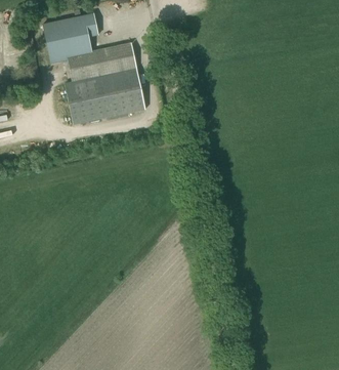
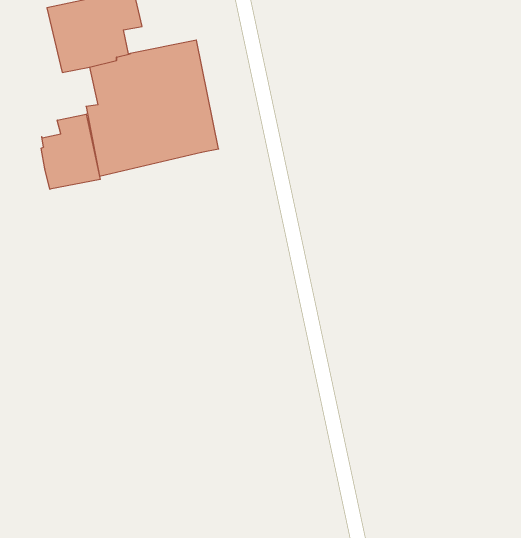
building: none -> [41,114,100,189]

